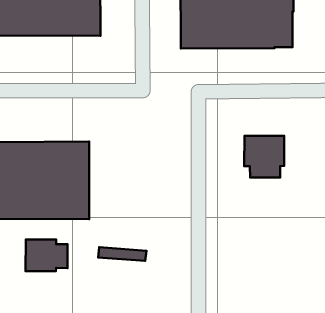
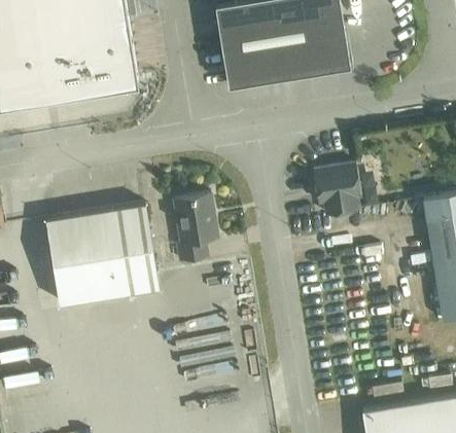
building: none -> [174,195,218,263]
building: [25,239,67,271] -> none

